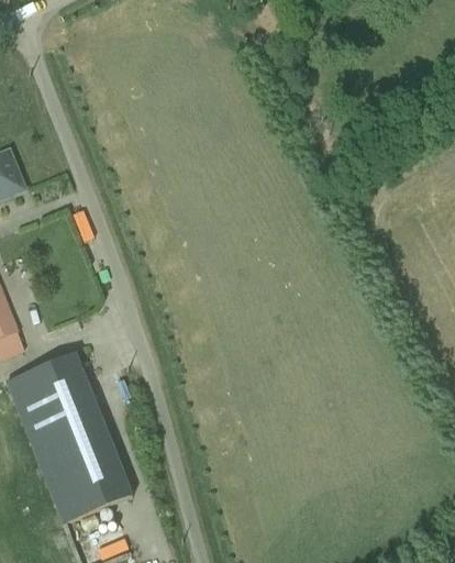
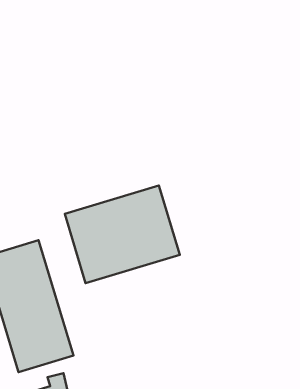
building: none -> [65,185,180,283]

